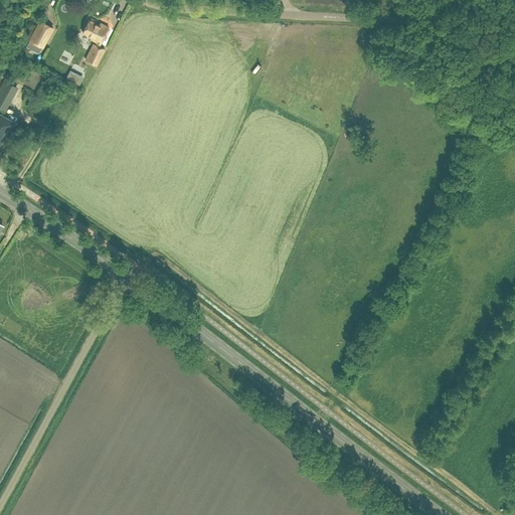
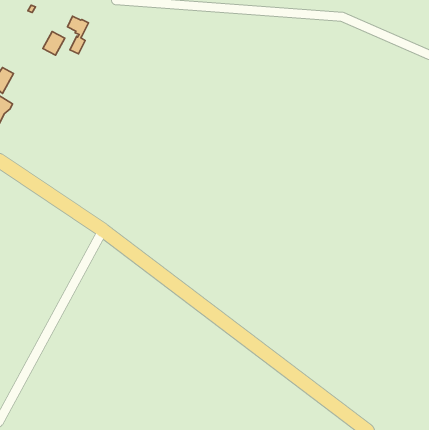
building: [26,21,52,49] -> [43,32,65,55]

